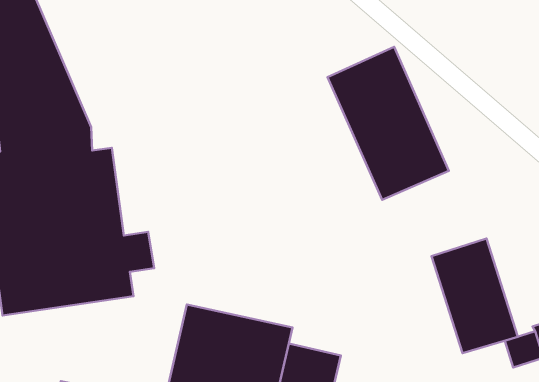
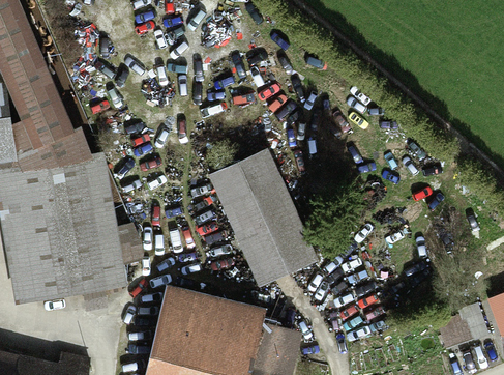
building: [328,47,449,200] -> [209,151,313,282]
building: [431,238,518,353] -> none

